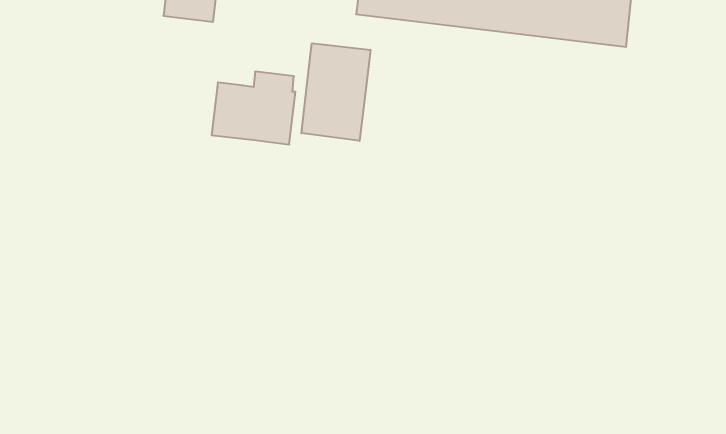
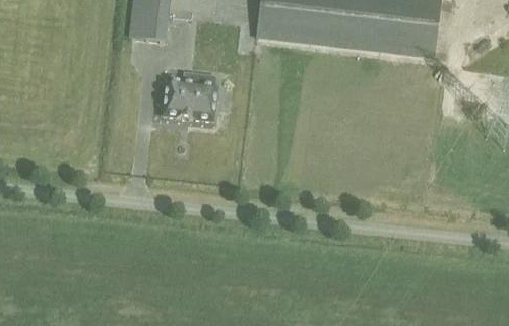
building: [301,43,370,141] -> none

